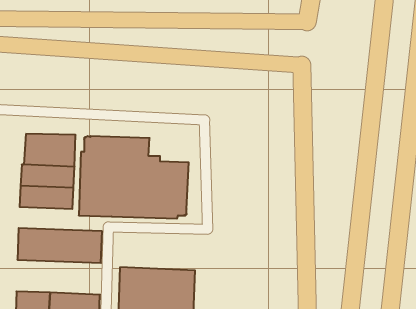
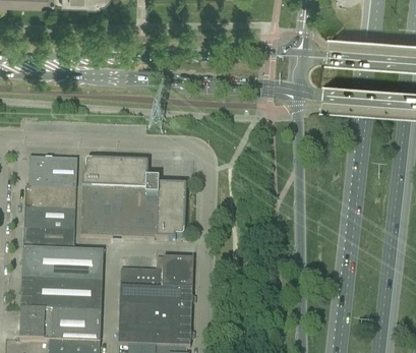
building: none -> [22,228,74,250]
building: none -> [120,257,193,289]
building: none -> [20,279,102,312]

